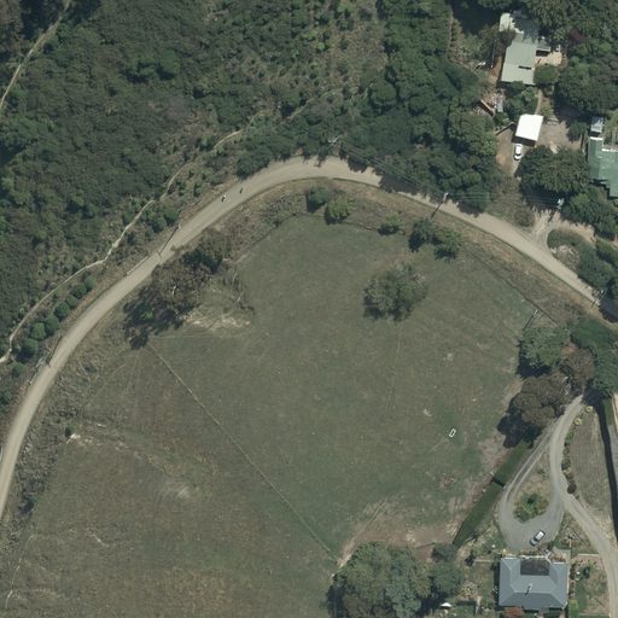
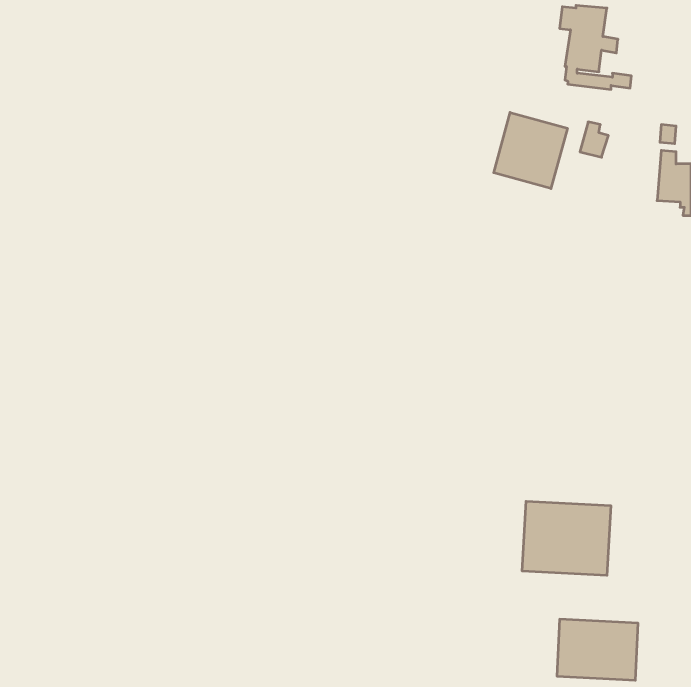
building: none -> [494,112,567,189]
building: none -> [522,501,611,575]

